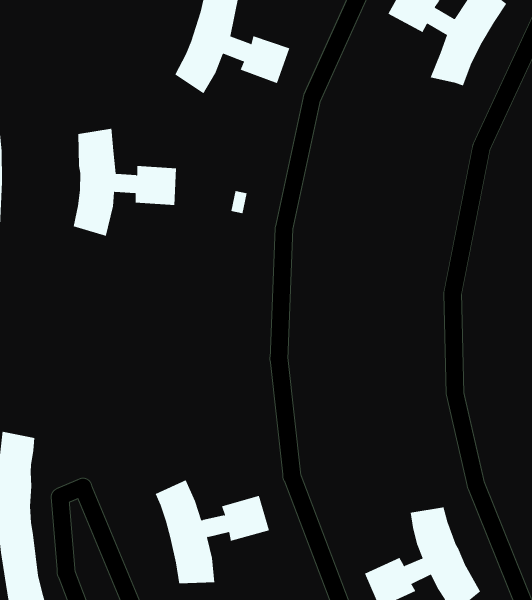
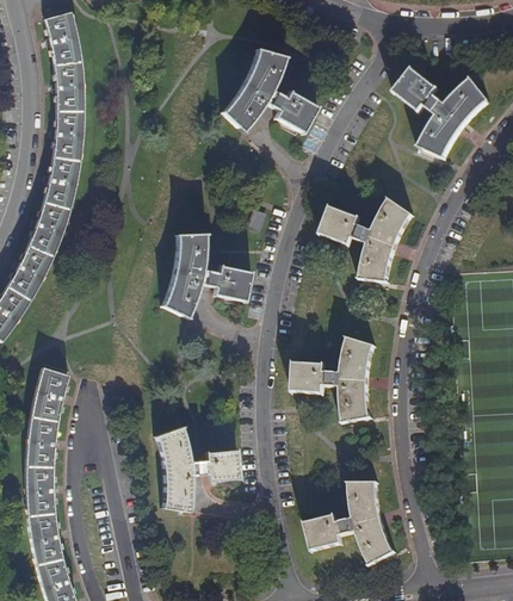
building: [73,128,177,237] -> [161,233,249,316]
building: none -> [321,198,413,280]
building: none -> [292,336,376,422]

